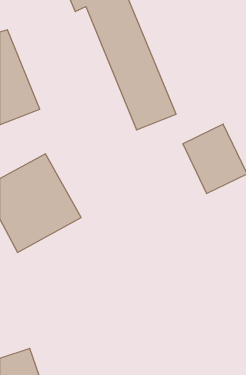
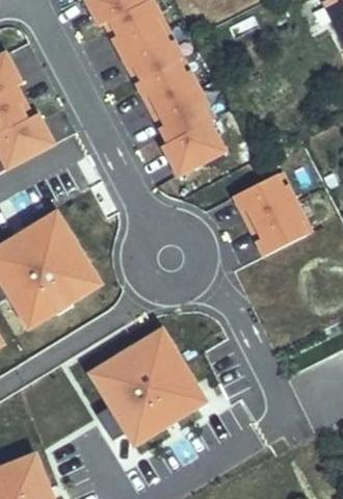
building: none -> [83,322,208,447]

